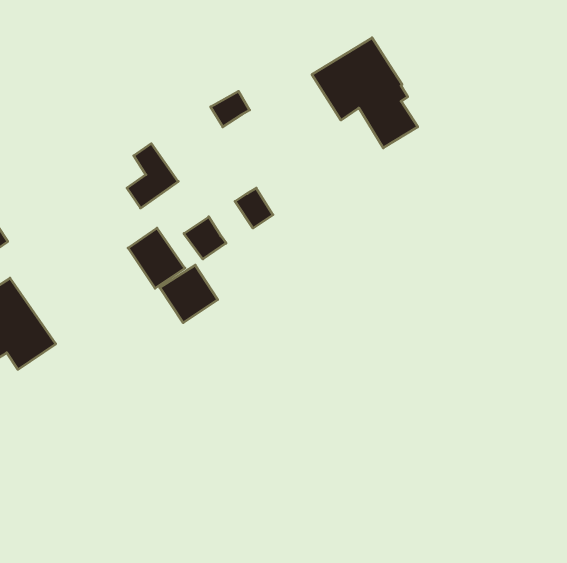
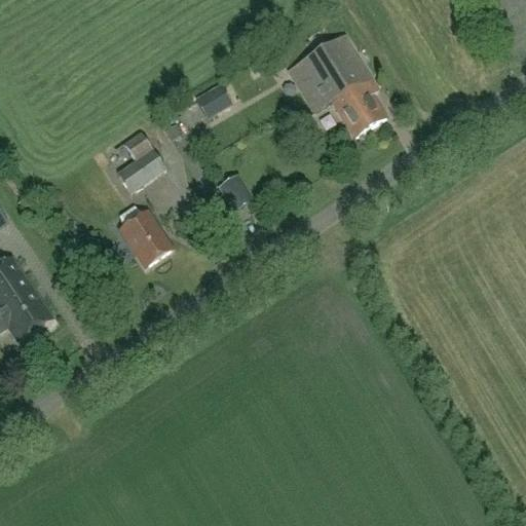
building: [184,217,226,259] -> none
building: [160,265,218,323] -> none

